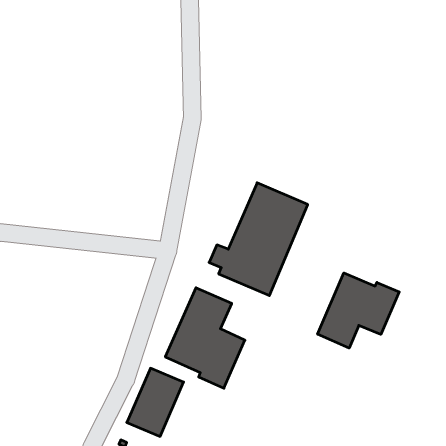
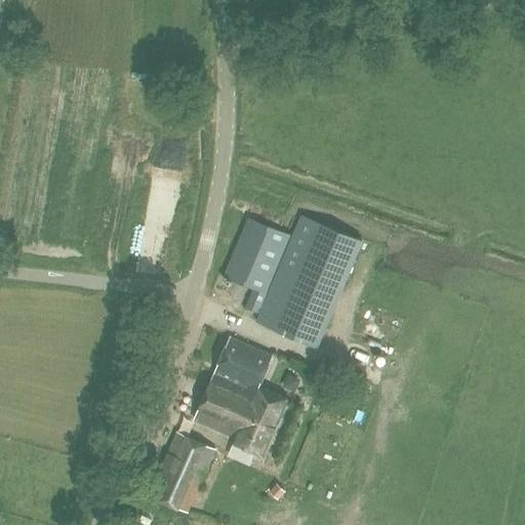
building: none -> [224,218,292,293]
building: [318,273,399,348] -> none

